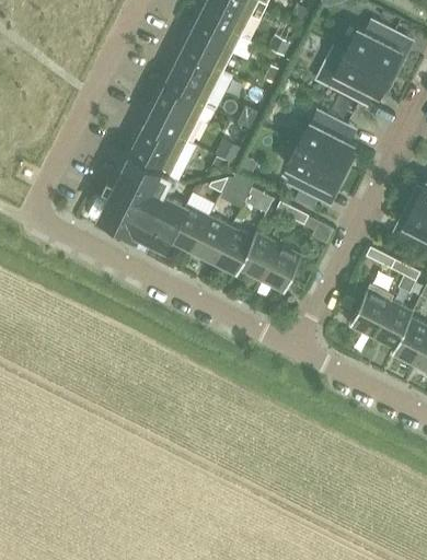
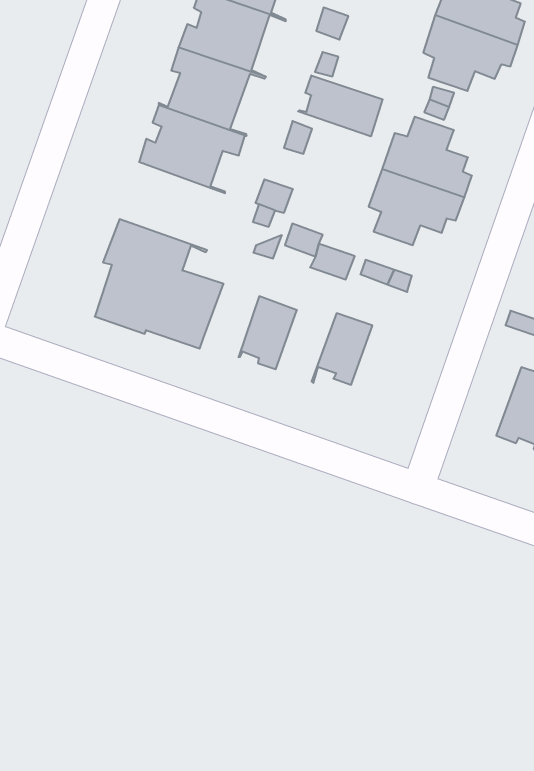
building: none -> [298,75,383,136]
building: [126,119,196,182] -> none
building: [170,205,209,253] -> none
building: [214,228,257,275] -> none
building: [261,244,302,292] -> none

